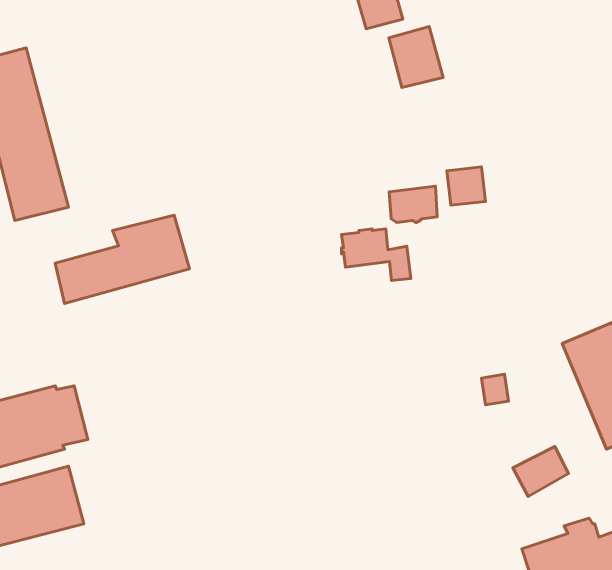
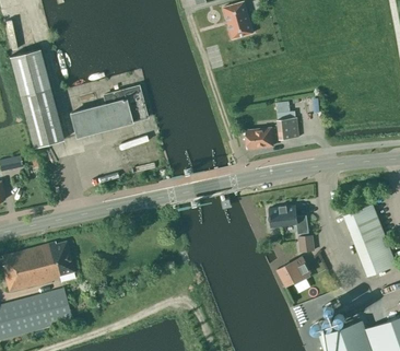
building: [389,26,443,87] -> none
building: [55,215,189,303] -> [71,86,148,137]
building: [342,229,411,281] -> [270,204,309,234]
building: [513,447,568,497] -> [279,257,310,285]

